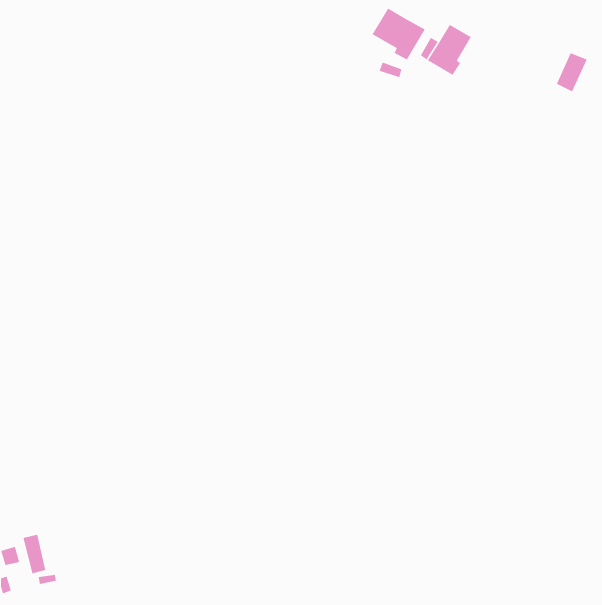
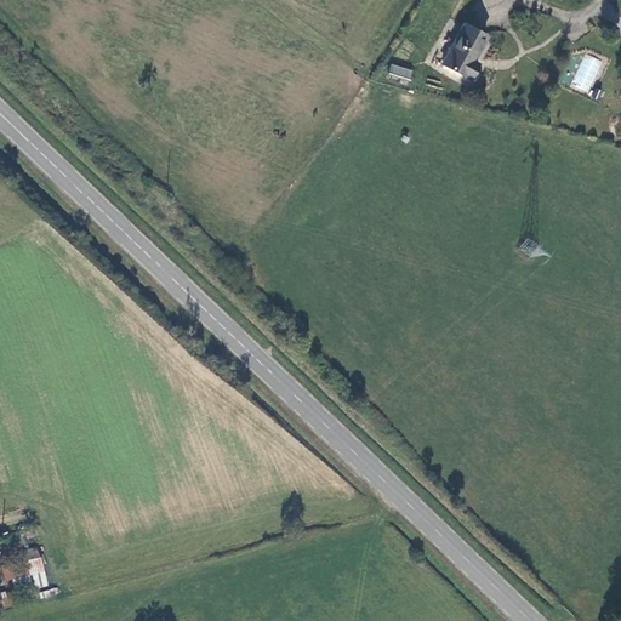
building: [372,8,426,60] -> none

